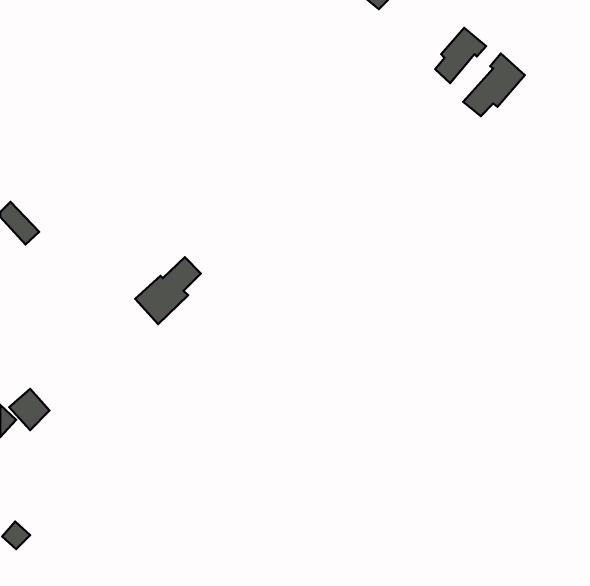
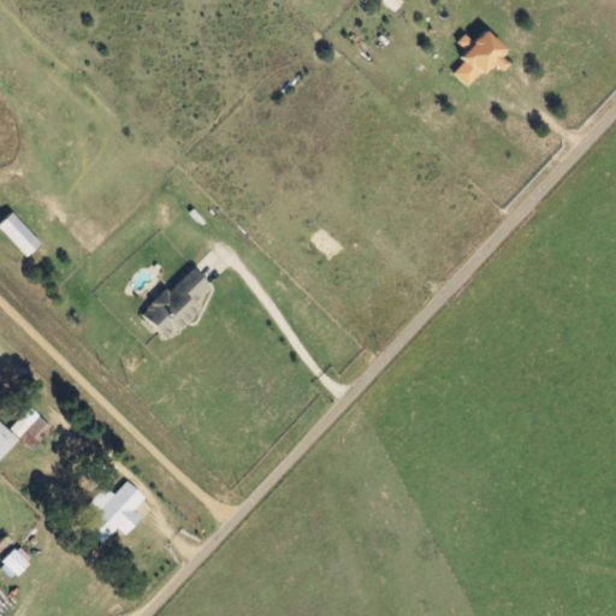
building: [463,54,525,116] -> none
building: none -> [82,479,146,541]

